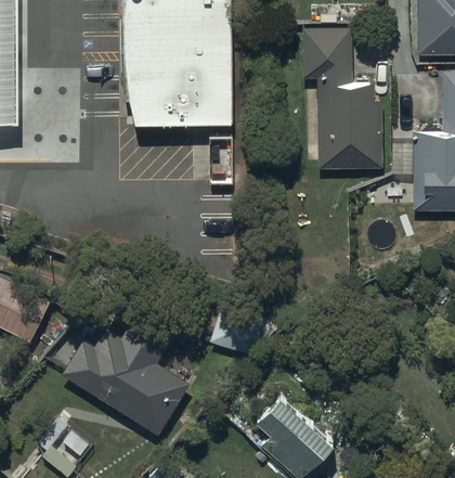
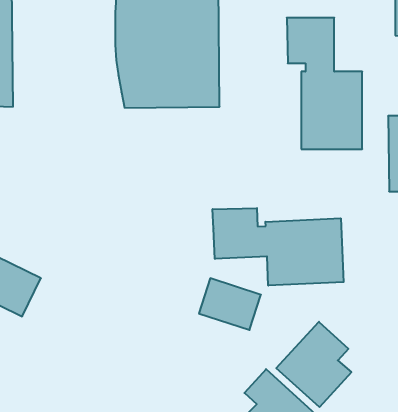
building: none -> [213,208,344,286]
building: [61,315,192,434] -> none
building: none -> [276,322,351,407]

